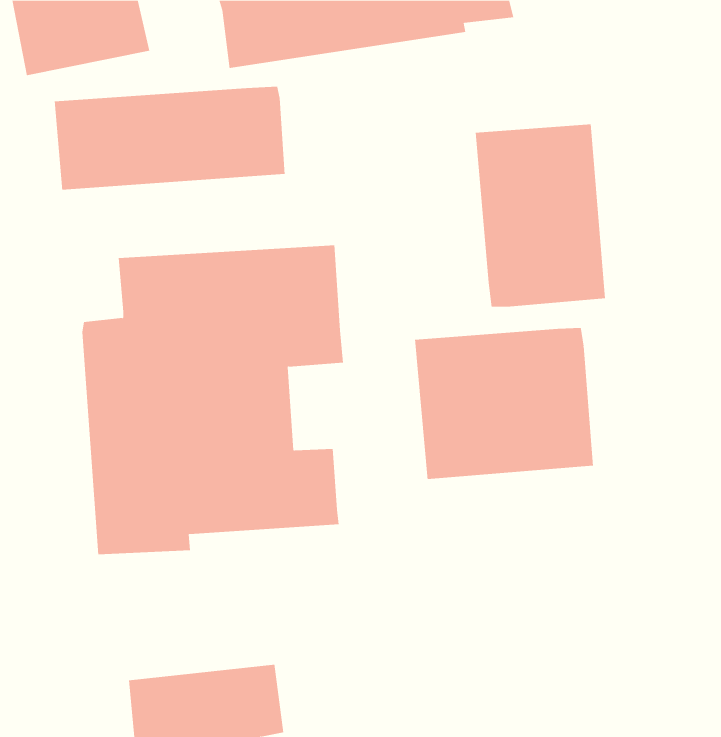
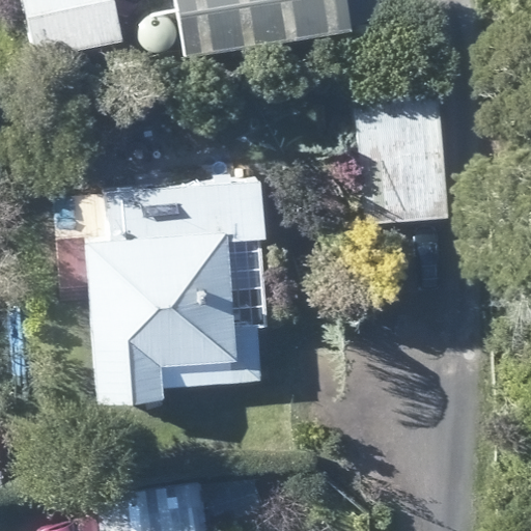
building: [54,86,285,190] -> none
building: [414,327,594,480] -> none

